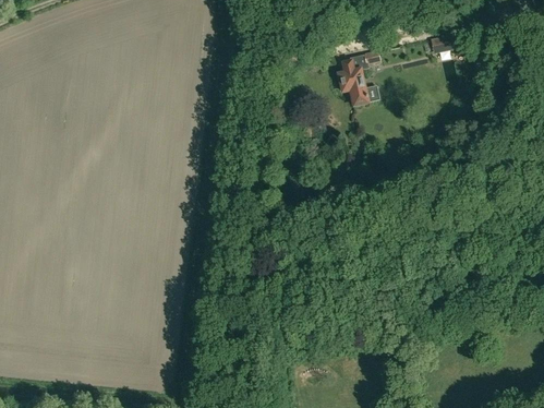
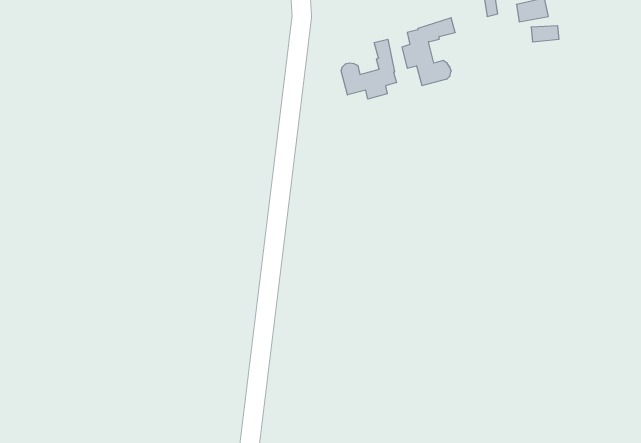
building: none -> [341,39,396,99]

